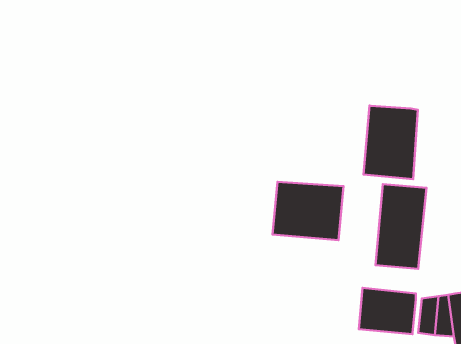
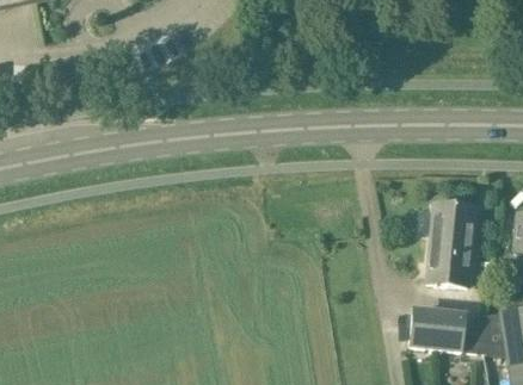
building: [363,106,418,179] -> none
building: [273,182,343,240] -> none

